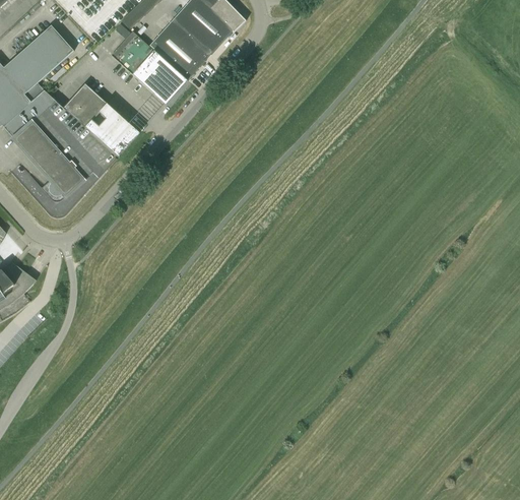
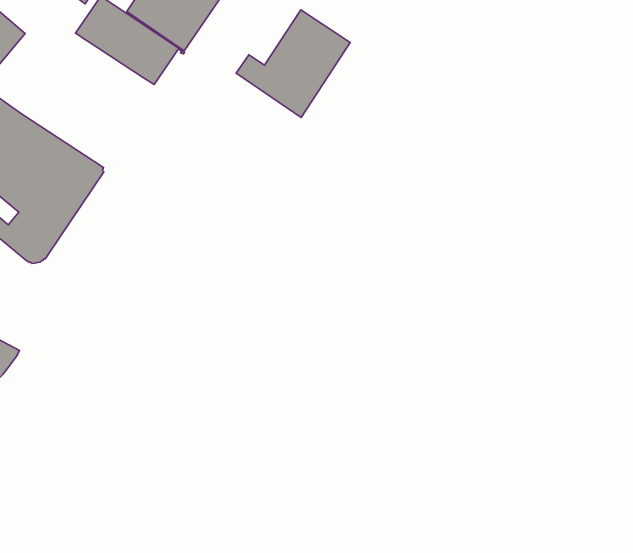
building: none -> [236,10,350,118]
building: [62,83,136,157] -> none

